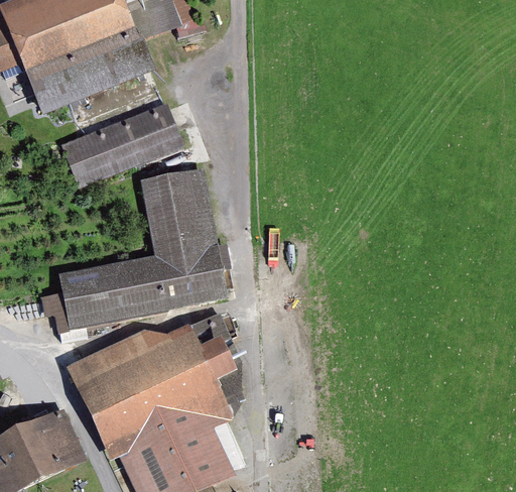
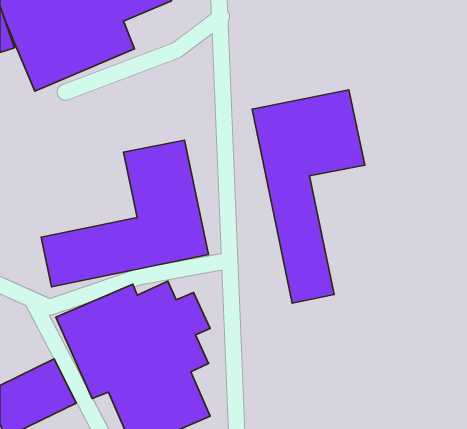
building: [62,102,187,186] -> none
building: none -> [252,90,365,303]

